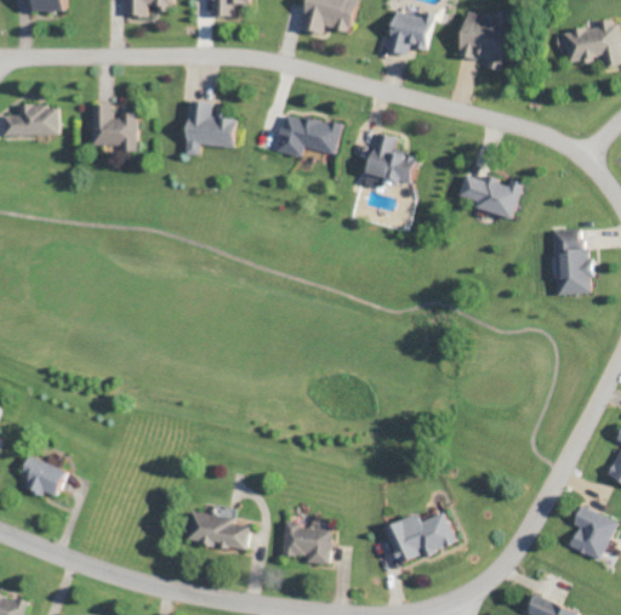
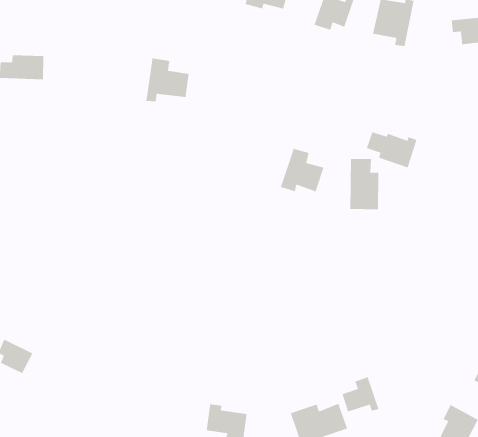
building: [91,103,137,150] -> none
building: [278,112,342,156] -> none
building: [364,132,417,187] -> [280,148,325,192]
building: [553,229,592,294] -> [349,158,379,210]
building: none -> [341,376,380,412]
building: [186,505,250,551] -> none

